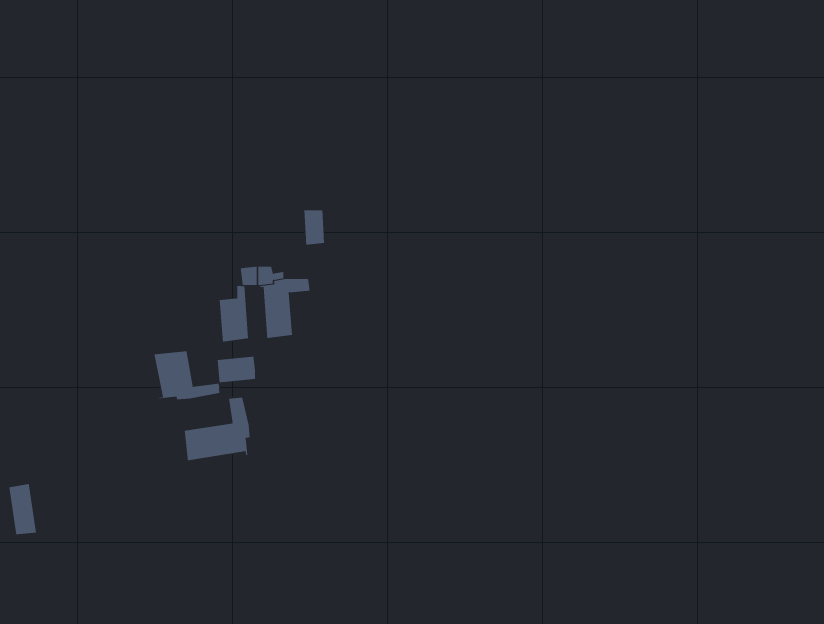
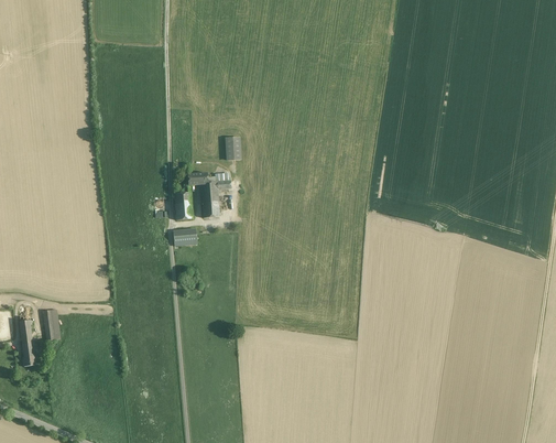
building: [154,351,220,400] -> none
building: [184,397,250,461] -> none

